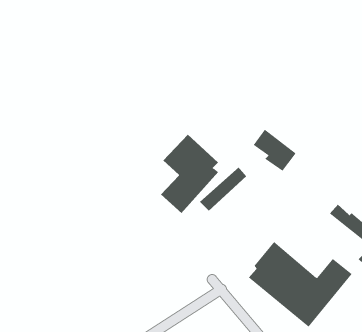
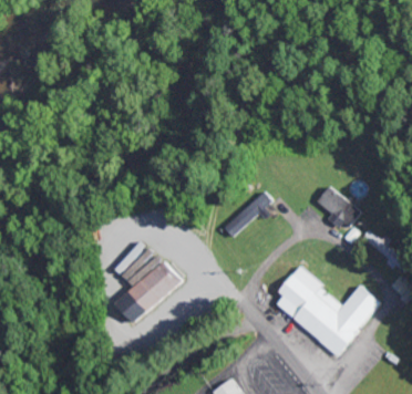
building: [253,129,297,172] -> [315,185,360,229]
building: [160,134,219,214] -> [114,241,175,324]

